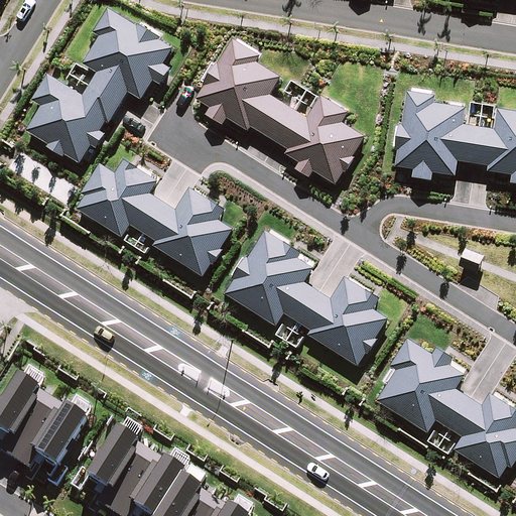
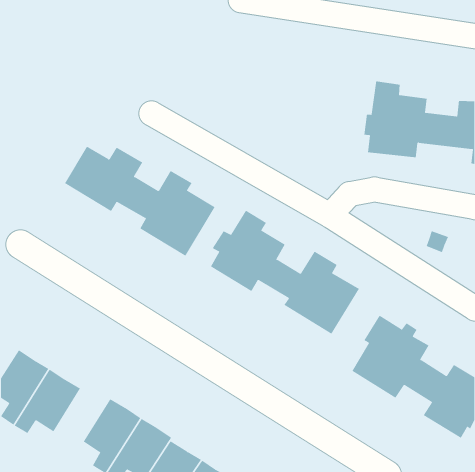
building: [20,8,167,161] -> none
building: [196,39,361,182] -> none

